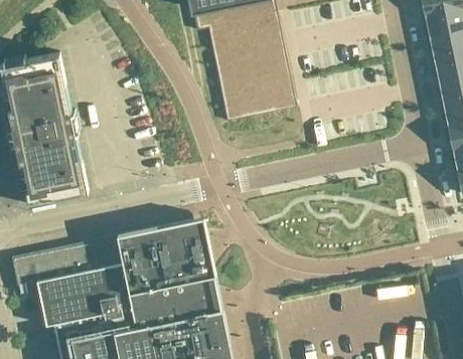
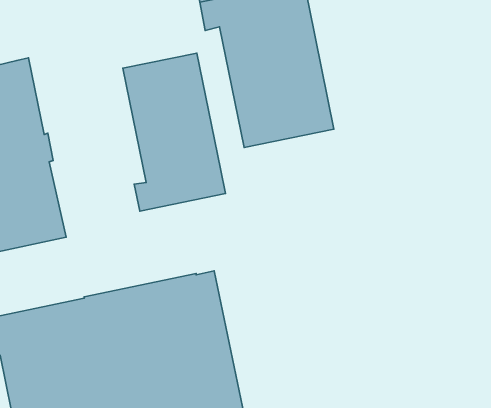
building: none -> [123,53,225,211]

